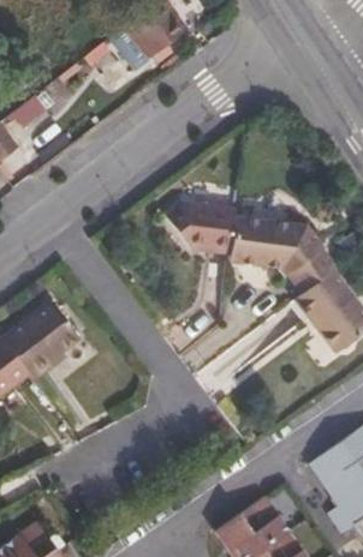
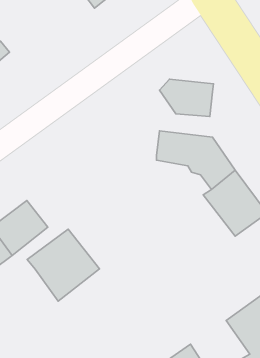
building: [157,199,228,248] -> [160,79,213,117]
building: none -> [27,229,100,301]

